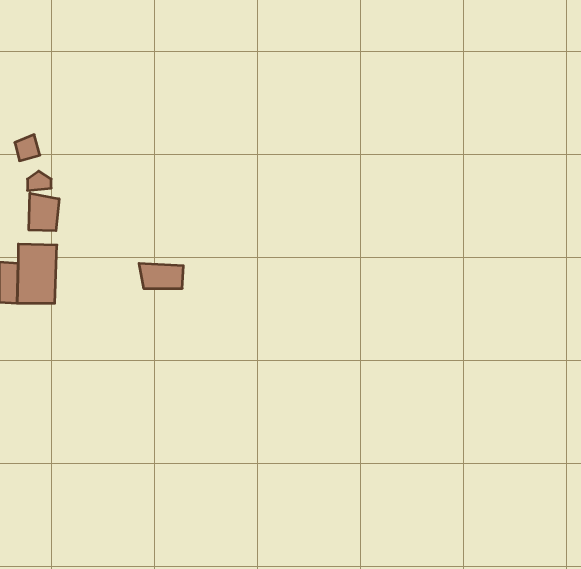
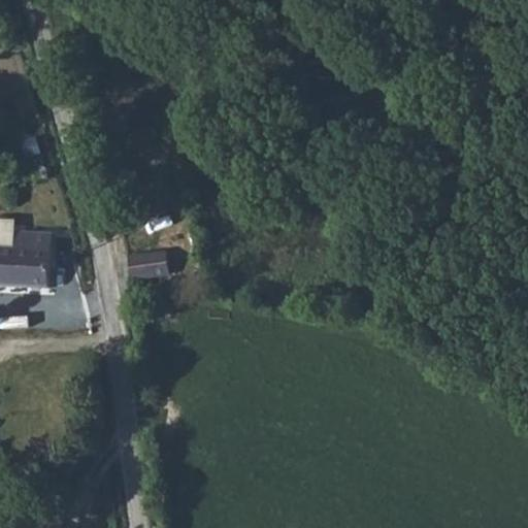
building: [29,193,59,231] -> none

